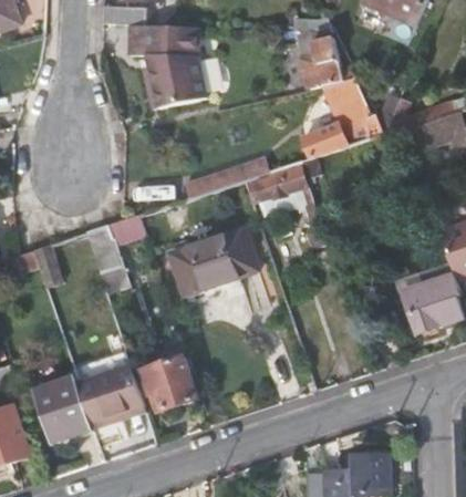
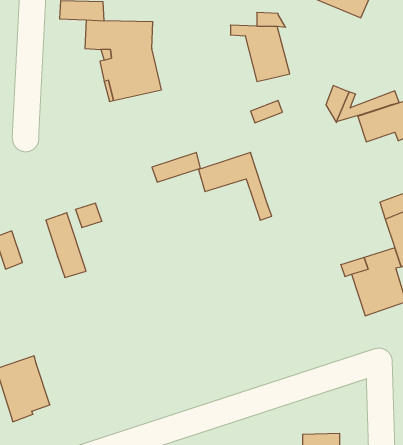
building: [301,77,384,158] -> none
building: [169,228,259,296] -> none
building: [141,355,198,412] -> none
building: [76,365,144,426] -> none

